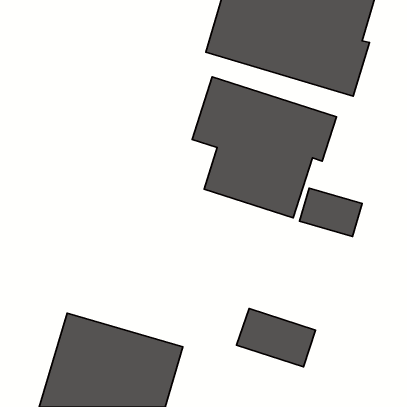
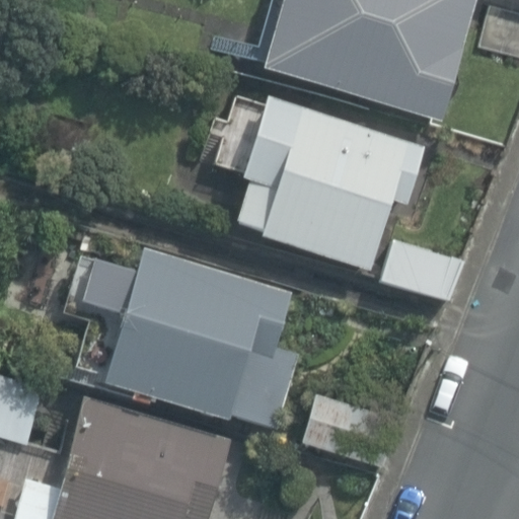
building: none -> [101,246,292,423]

